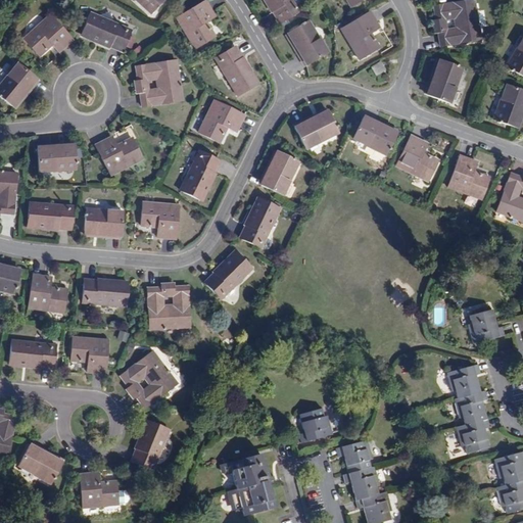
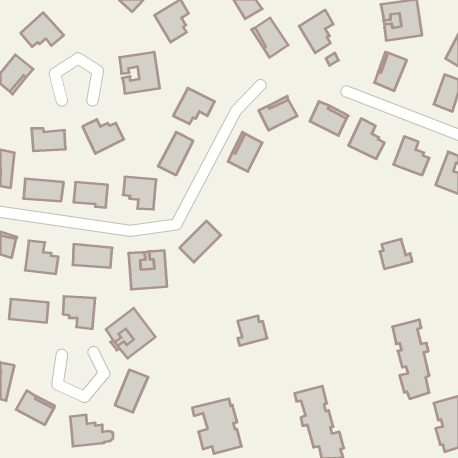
building: [83,13,132,51] -> none
building: [217,46,258,95] -> none
building: [241,198,280,247] -> none
building: [468,310,505,343] -> [380,239,412,269]
building: [299,409,333,442] -> [238,316,267,345]

